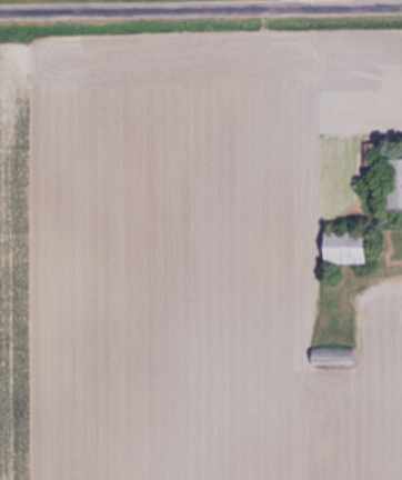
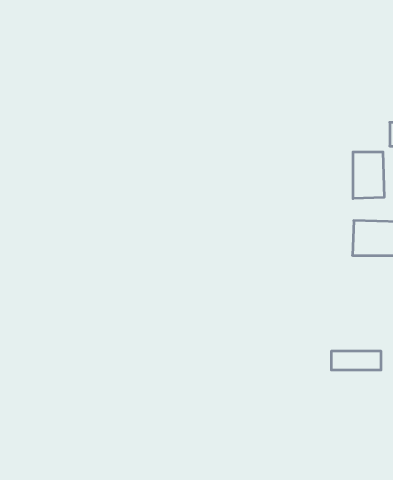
building: none -> [353,152,384,199]

